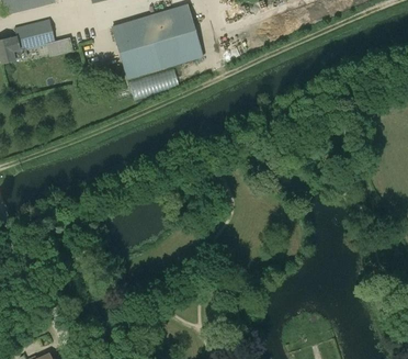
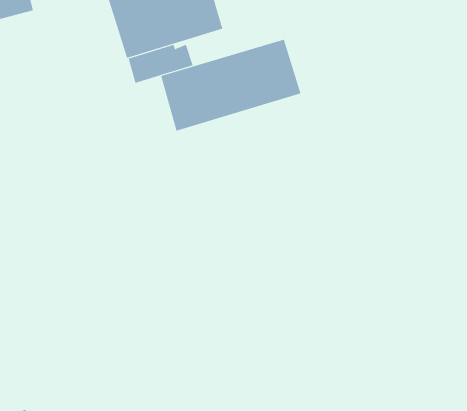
building: none -> [160,39,301,131]

